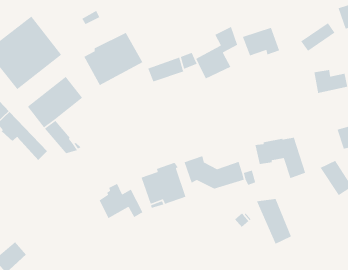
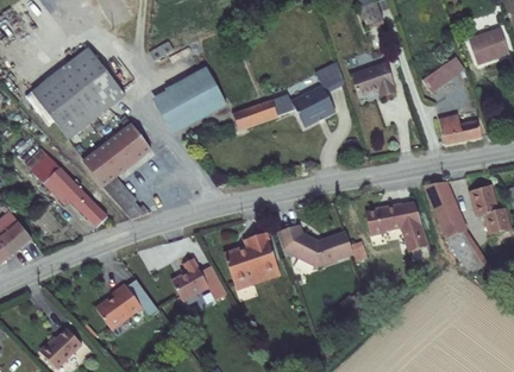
building: [256,198,292,245] -> [421,178,466,237]
building: none -> [96,280,159,332]

